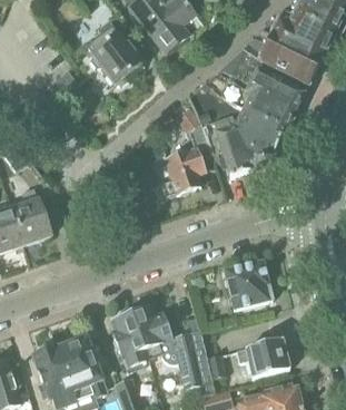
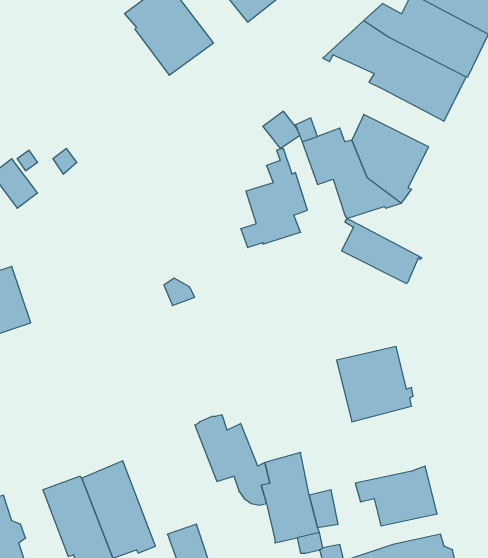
building: [241,88,294,130] -> [342,219,422,283]
building: [12,188,49,245] -> none
building: [112,312,150,372] -> none

